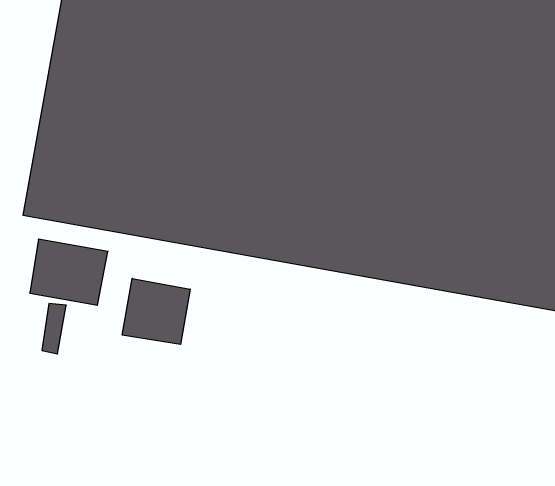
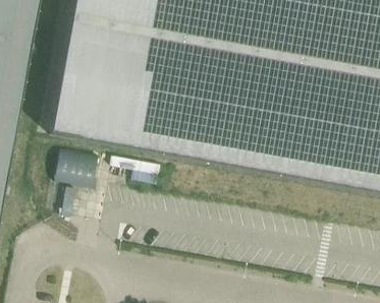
building: [122,278,190,344] -> none

